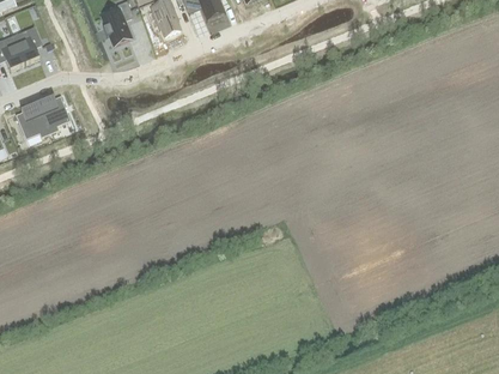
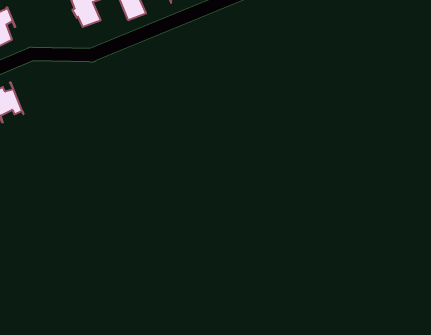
building: [37,95,73,137] -> none

